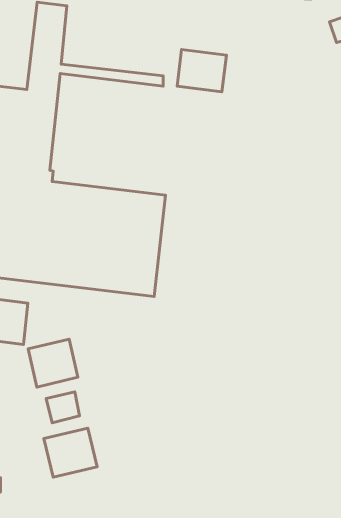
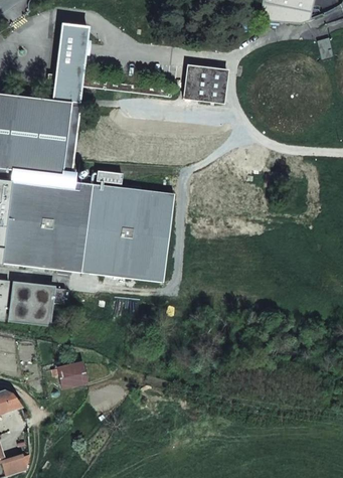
building: [28,339,78,387] -> none
building: [44,428,97,477] -> none

